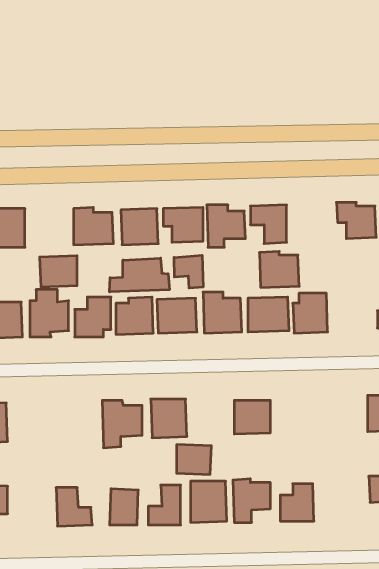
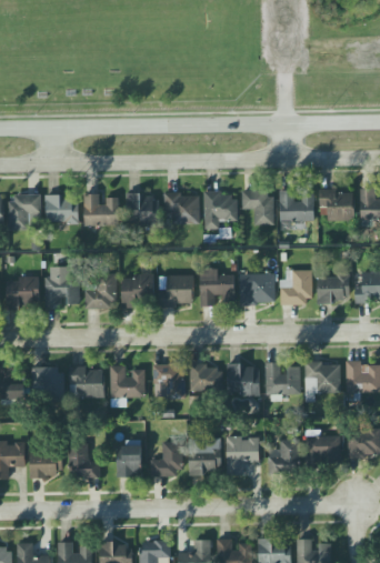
building: [259,251,299,287] -> [278,190,313,222]
building: [174,255,203,288] -> none
building: [40,256,77,287] -> [44,195,78,223]
building: [110,258,169,292] -> none
building: none -> [316,277,349,301]
building: none -> [264,362,299,394]
building: none -> [303,362,340,402]
building: none -> [31,366,61,400]
building: none -> [69,368,103,398]
building: [177,445,211,474] -> [189,364,220,391]
building: none -> [303,436,340,464]
building: none -> [29,451,60,477]

